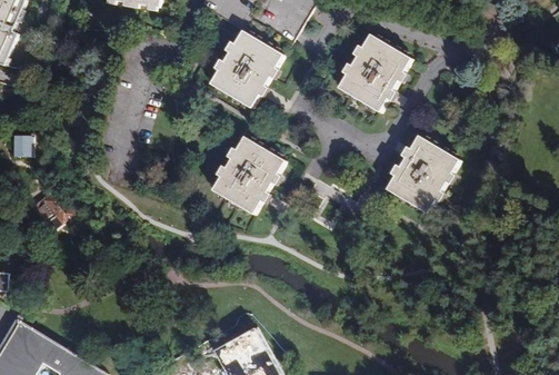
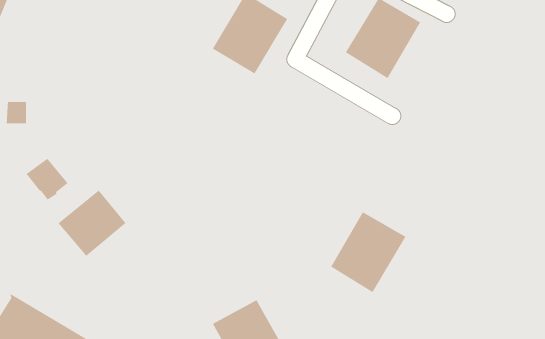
building: [387,136,460,215] -> [330,211,406,293]
building: [212,137,286,215] -> none
building: none -> [58,190,126,257]

